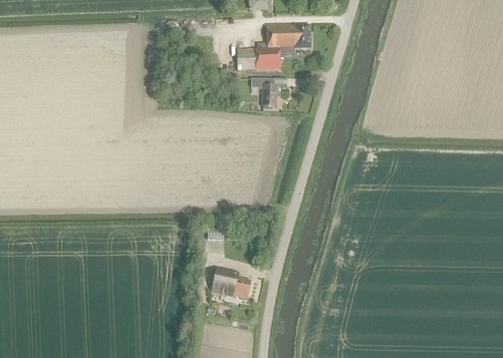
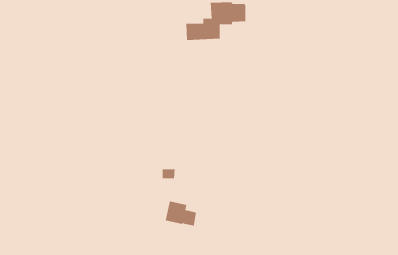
building: [251,79,277,112] -> none

